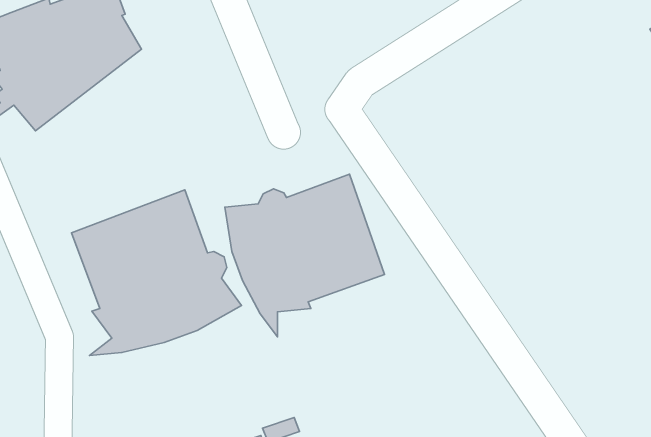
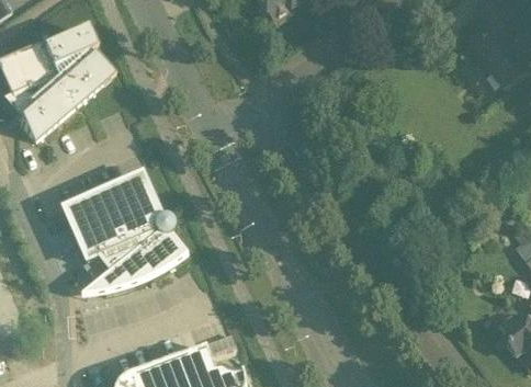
building: [225,174,384,337] -> none

